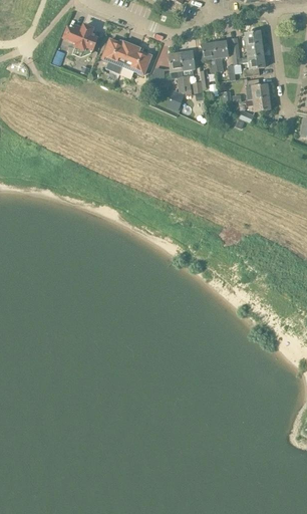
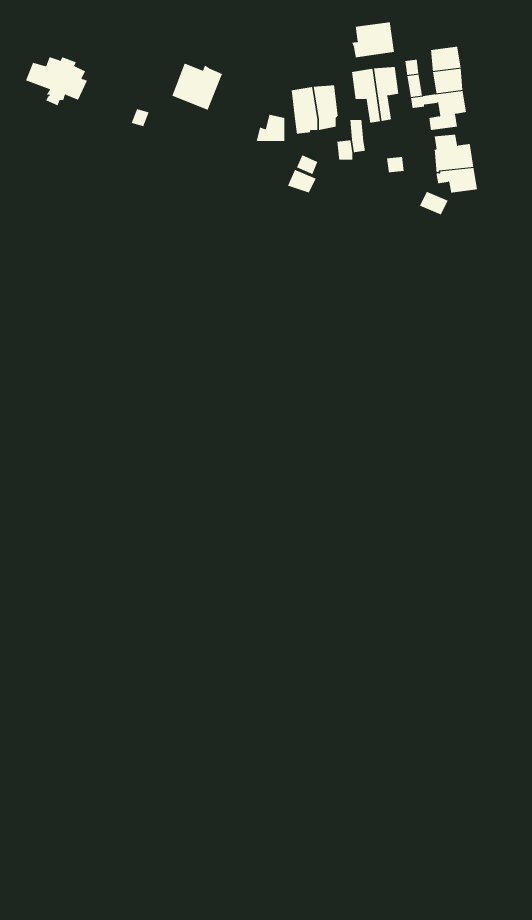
building: none -> [352,21,394,58]
building: [64,24,98,51] -> [25,57,88,106]
building: [123,44,151,73] -> none

